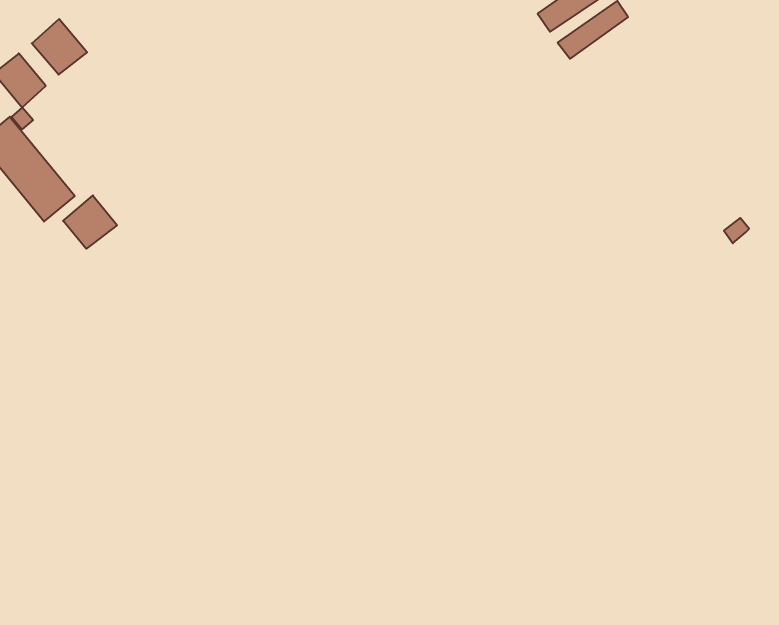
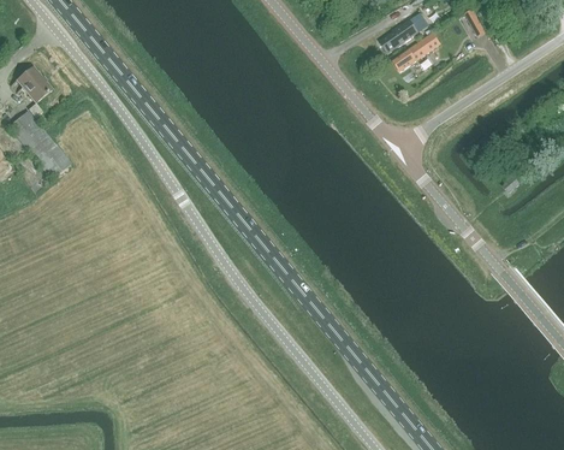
building: [32,19,87,75] -> none
building: [63,195,117,249] -> none

